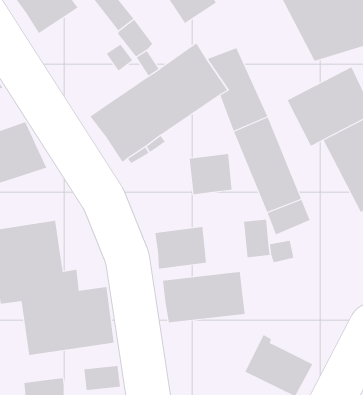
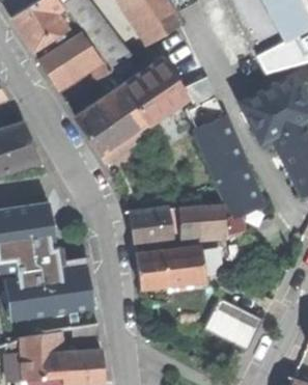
building: none -> [40,33,97,85]
building: [189,153,233,195] -> [170,205,206,240]

